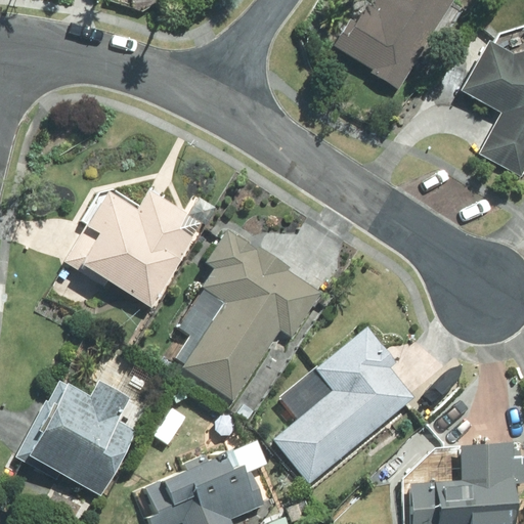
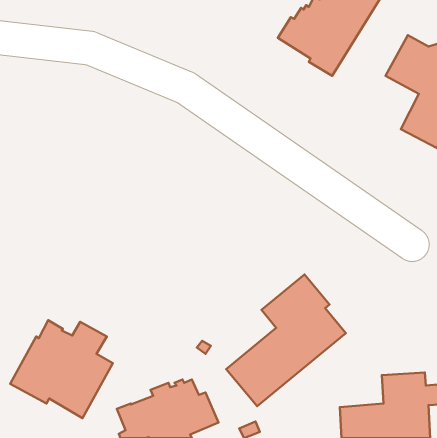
building: [64,190,202,309] -> none
building: [183,232,322,402] -> none

